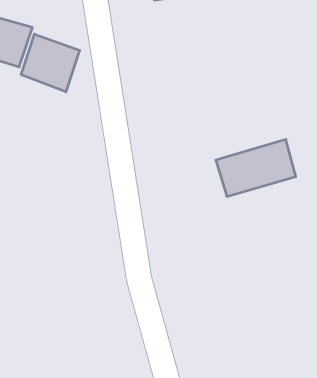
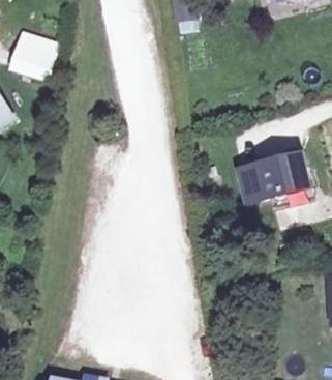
building: [21,34,80,92] -> none

